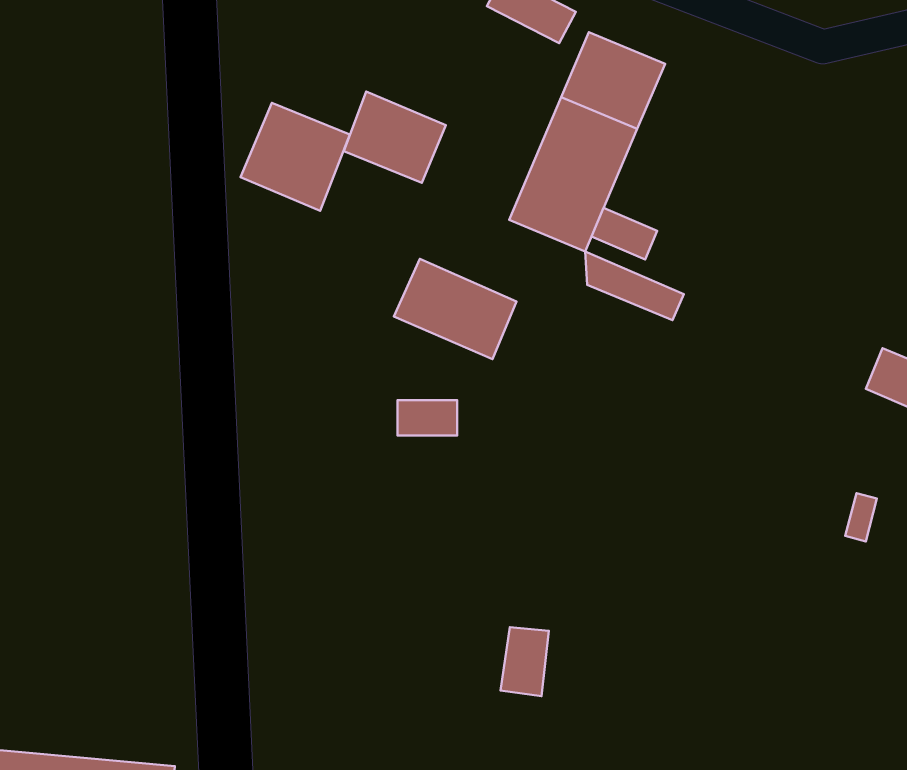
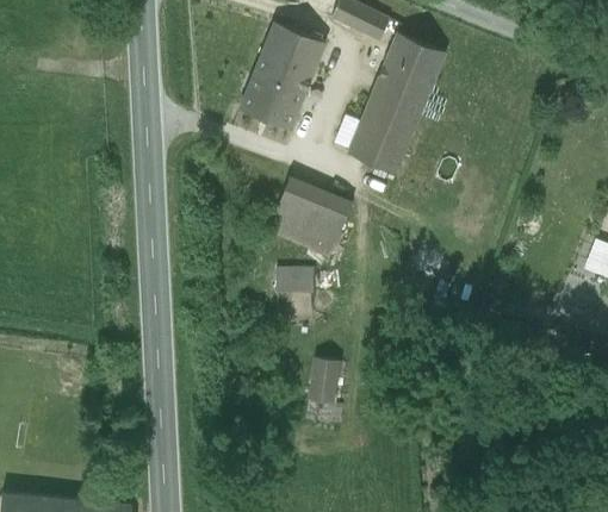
building: [240,103,350,211] -> [255,24,325,93]
building: [592,208,657,259] -> none
building: [585,251,684,320] -> [273,216,336,260]
building: [501,627,549,696] -> [309,357,340,401]

